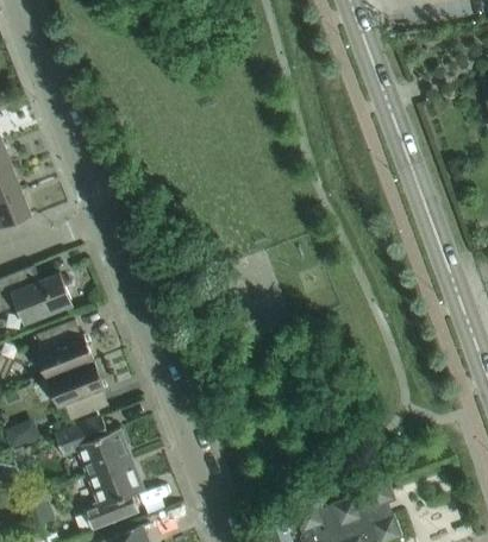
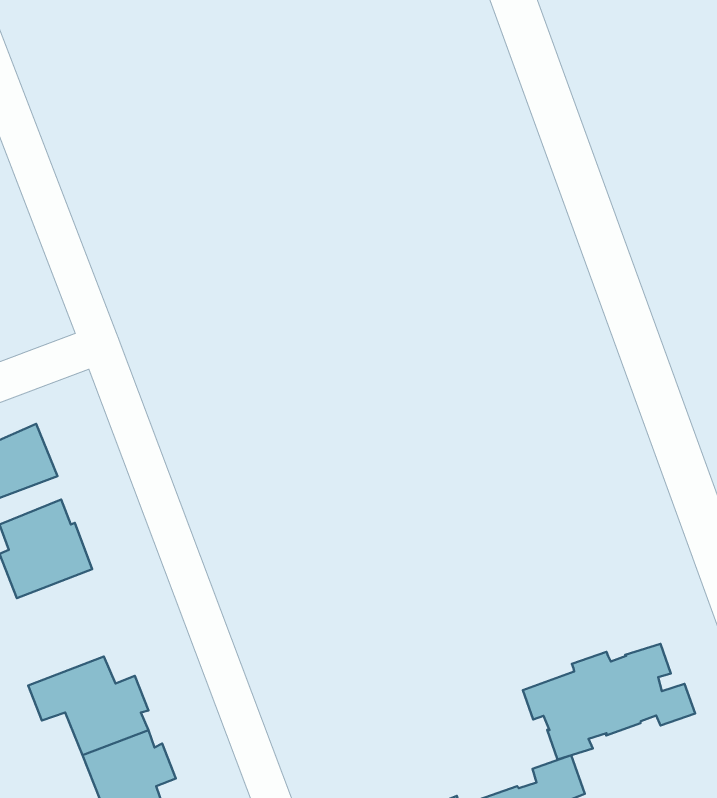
building: [46,363,108,421] -> none
building: none -> [523,644,695,760]

